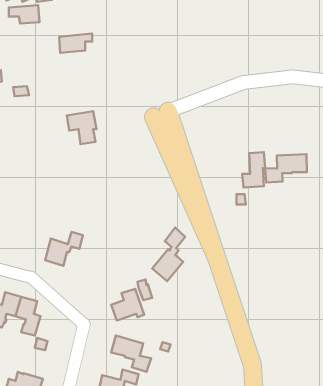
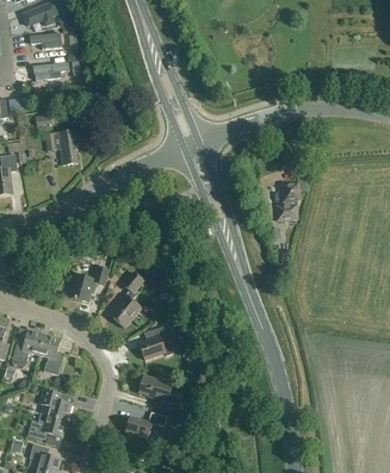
building: [59,33,92,53] -> [33,60,68,80]
building: [67,111,97,144] -> [48,131,79,166]
building: [265,154,307,183] -> none
building: [152,228,185,281] -> [109,272,143,328]
building: none -> [39,390,72,421]

